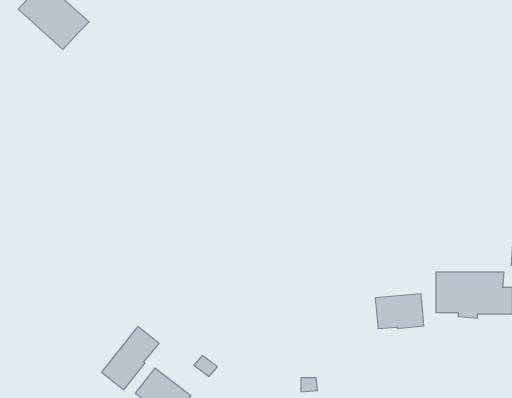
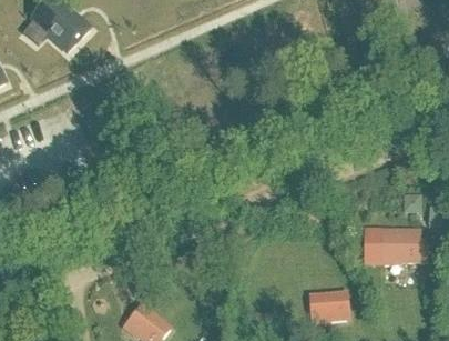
building: [375,294,424,329] -> [309,292,348,320]
building: [101,326,159,390] -> none

